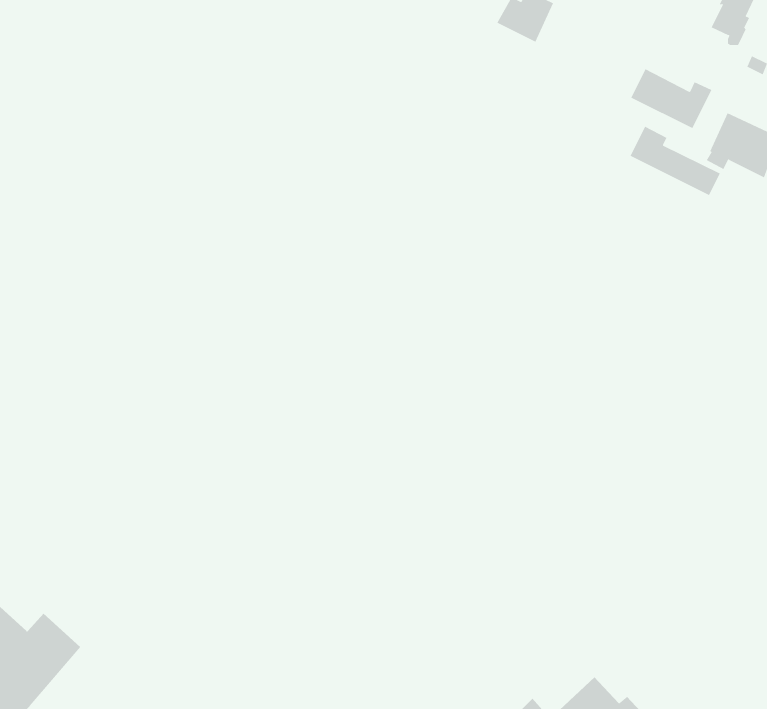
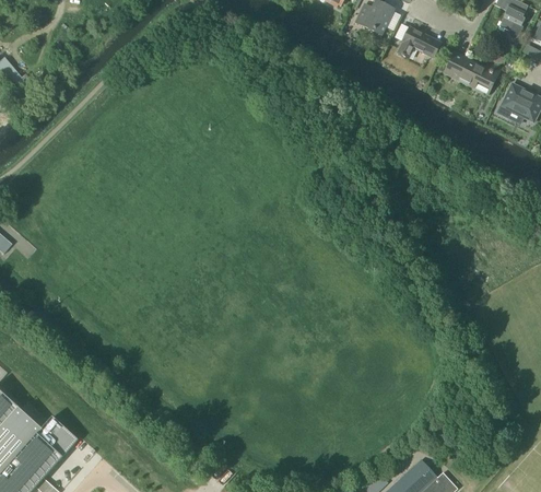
building: none -> [397,25,440,56]
building: [630,126,721,196] -> none

